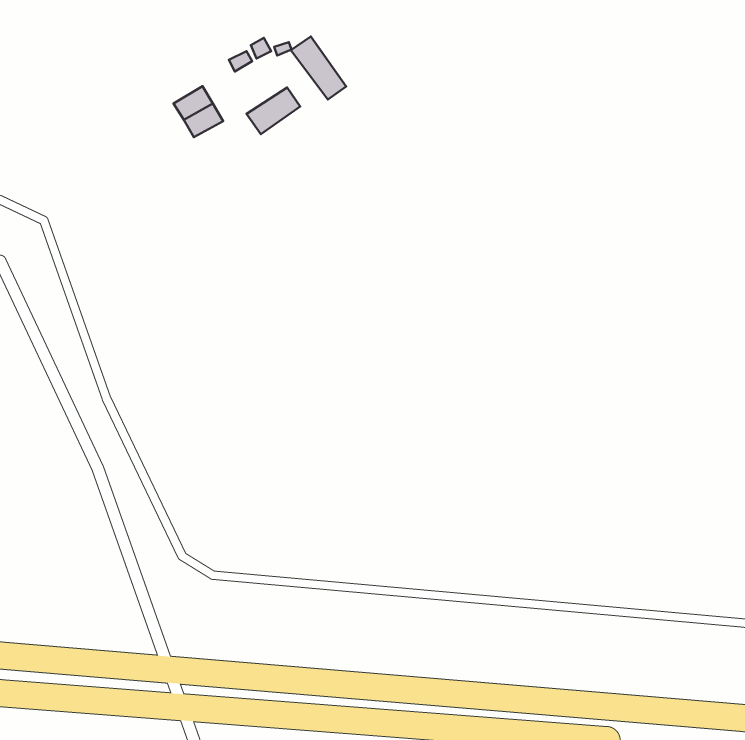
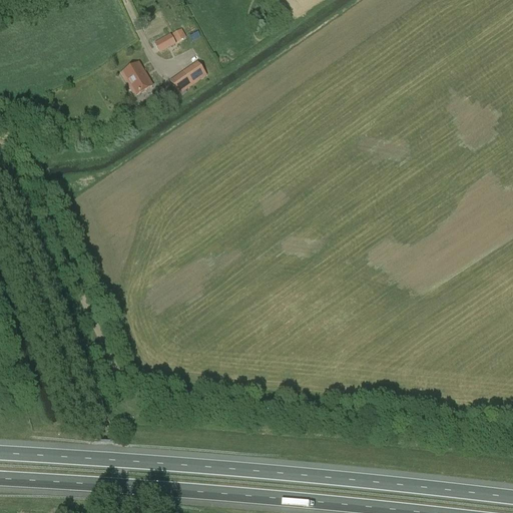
building: [291,36,346,100] -> none

